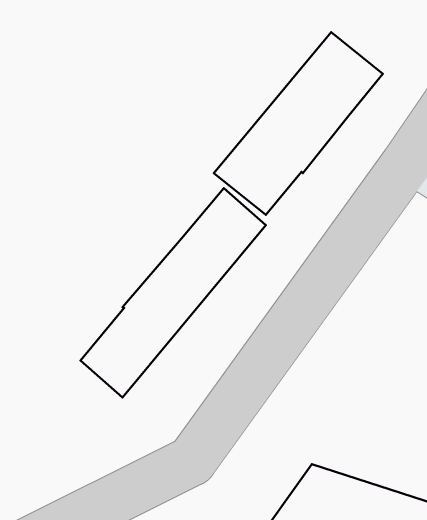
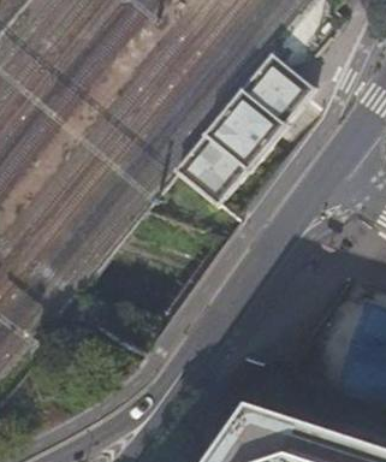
building: [80,188,266,398] -> none

